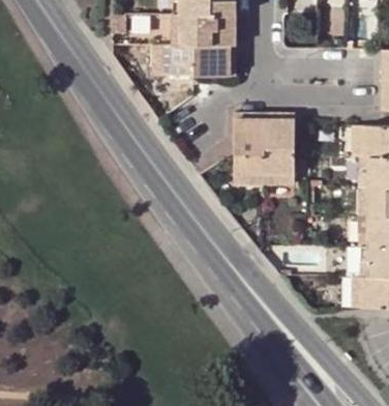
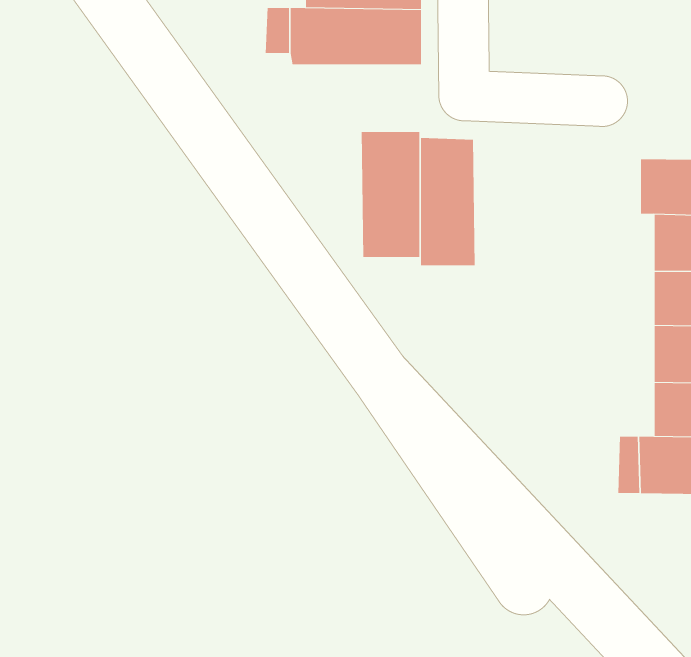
building: [263,115,295,183] -> [361,131,420,258]

